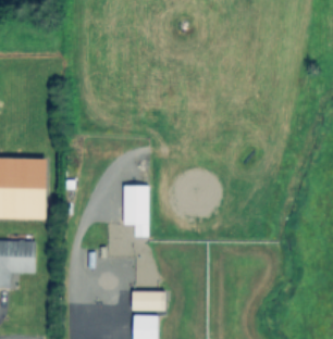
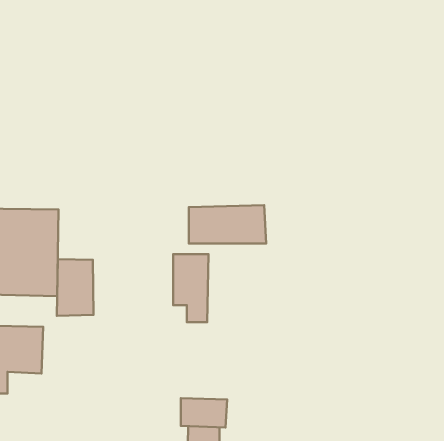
building: none -> [189,205,266,244]
building: none -> [57,259,94,316]

